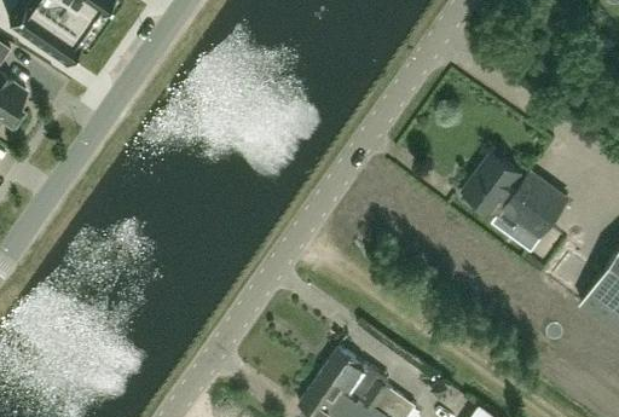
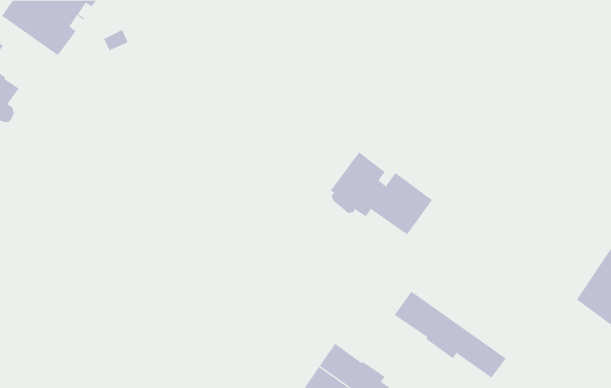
building: [462,155,565,238] -> [330,152,433,235]
building: none -> [394,291,507,379]

